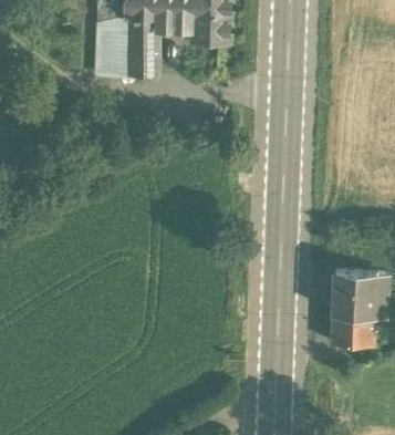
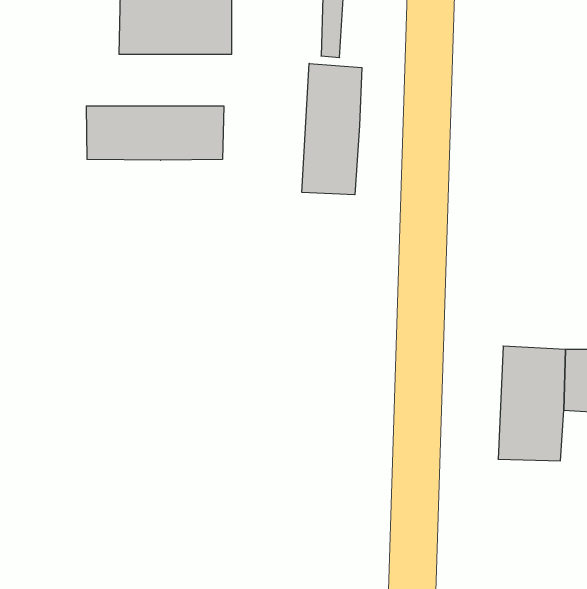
building: none -> [302,63,362,195]
building: none -> [86,106,224,160]

